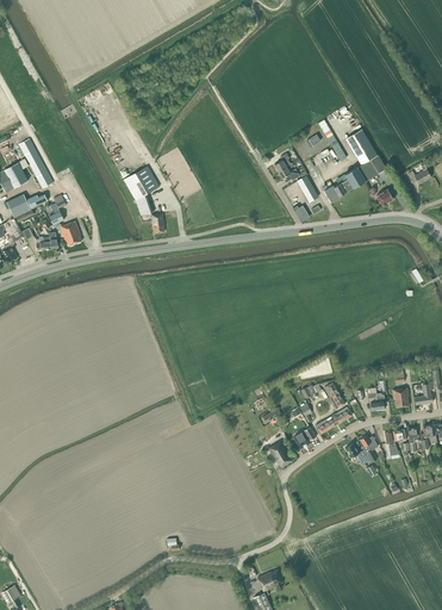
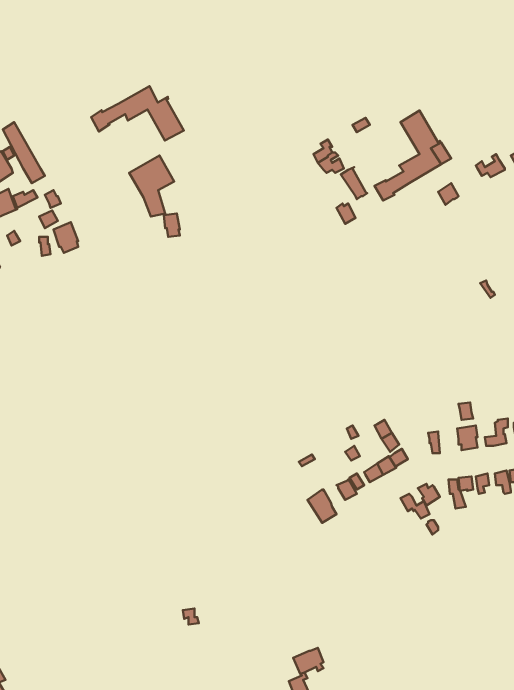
building: none -> [91,86,184,140]

